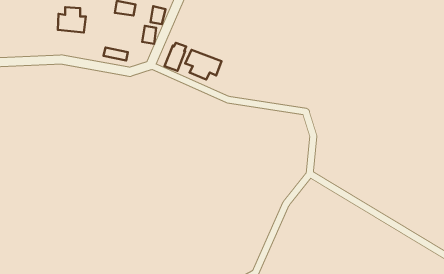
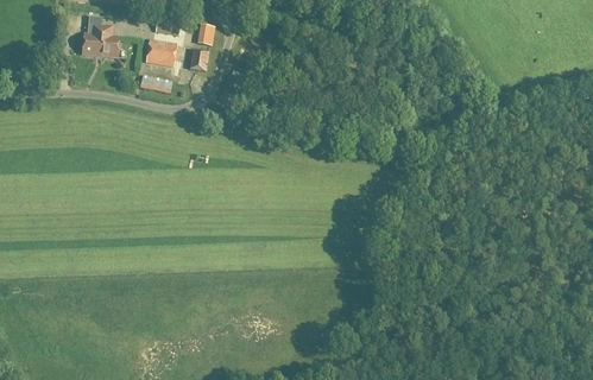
building: none -> [144,39,176,66]
building: [185,50,221,80] -> none

